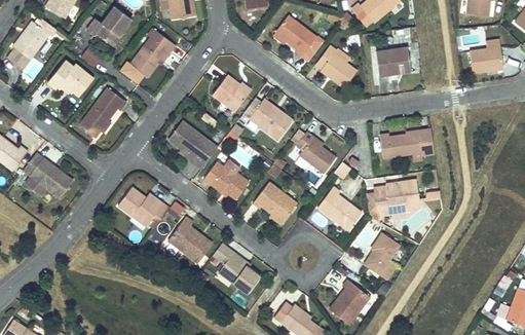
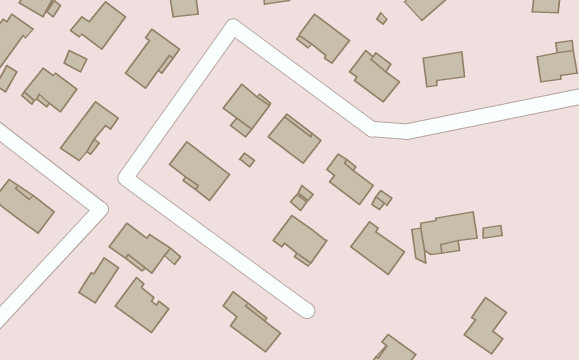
building: [380,131,434,157] -> none
building: [203,162,249,199] -> none
building: none -> [79,258,118,303]
building: [167,218,212,263] -> [115,278,169,333]
building: [365,232,400,278] -> [464,297,507,354]

